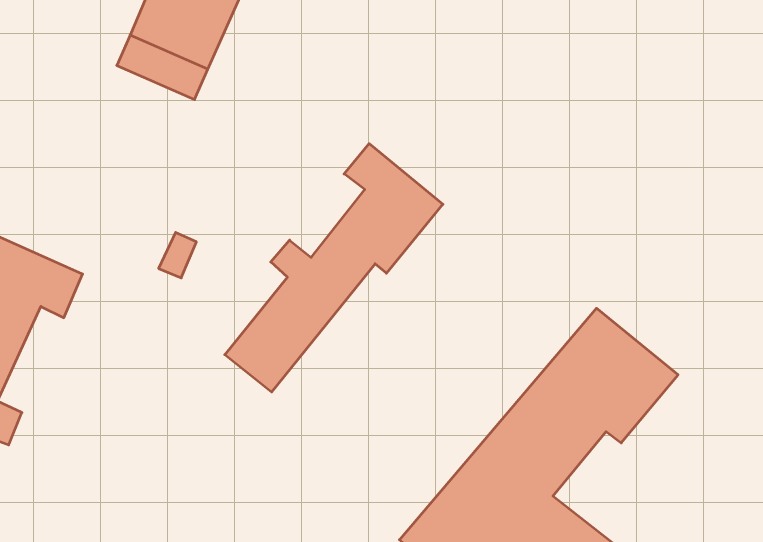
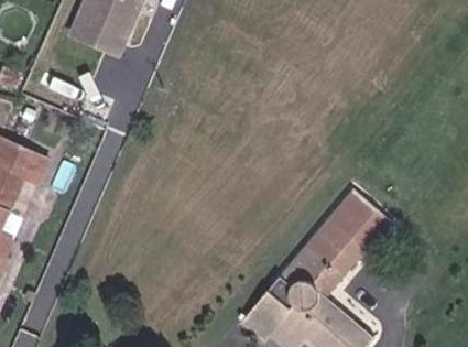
building: [225,144,443,392] -> none

